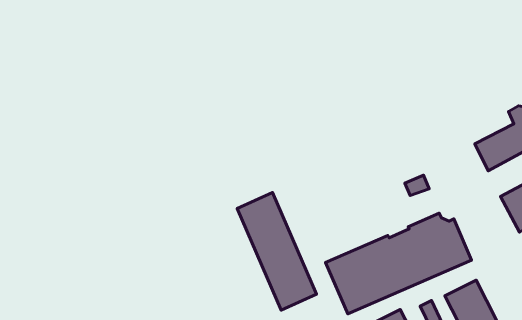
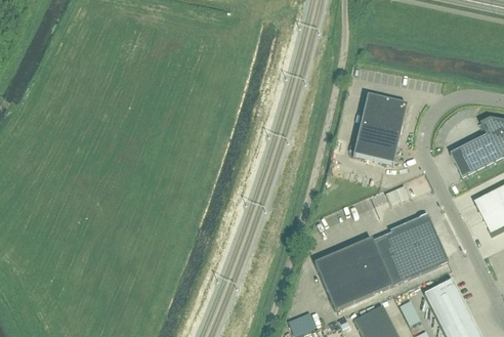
building: none -> [352,93,407,163]
building: [237,193,316,310] -> none

